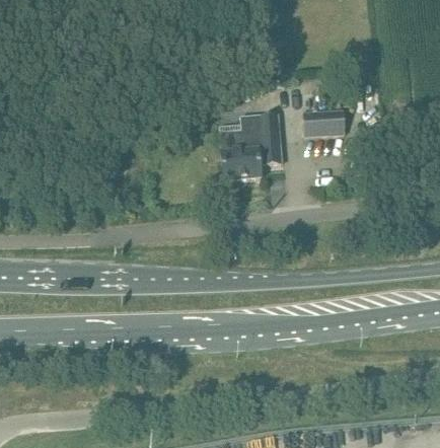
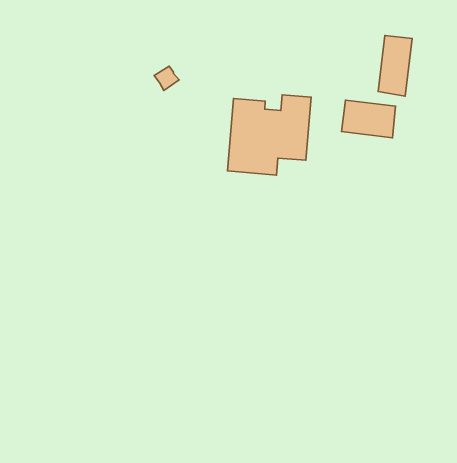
building: none -> [378,36,412,96]

